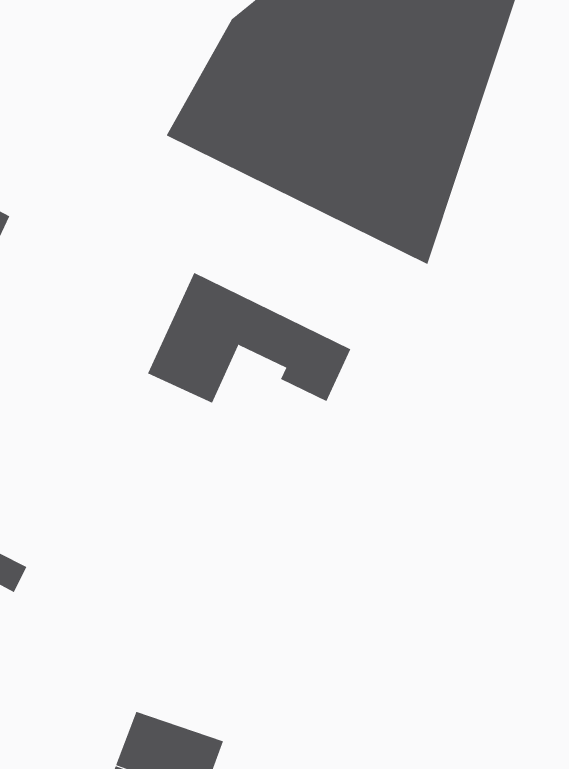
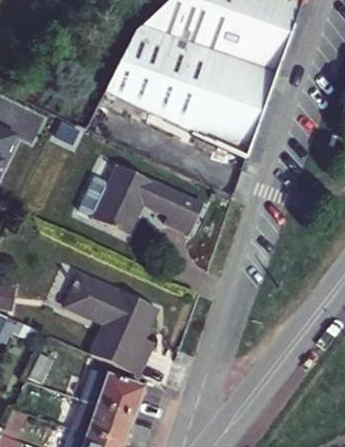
building: none -> [65,276,158,378]
building: none -> [84,371,141,417]

